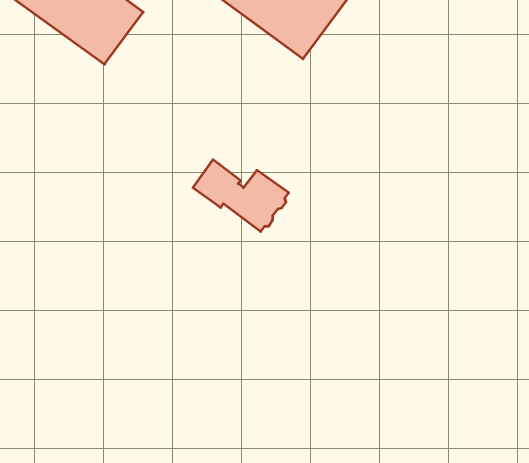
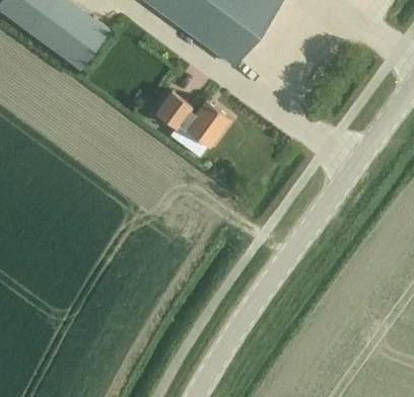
building: [193,160,289,232] -> [157,93,230,148]

